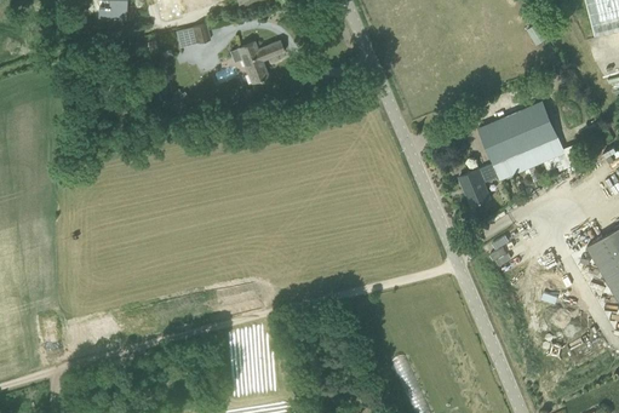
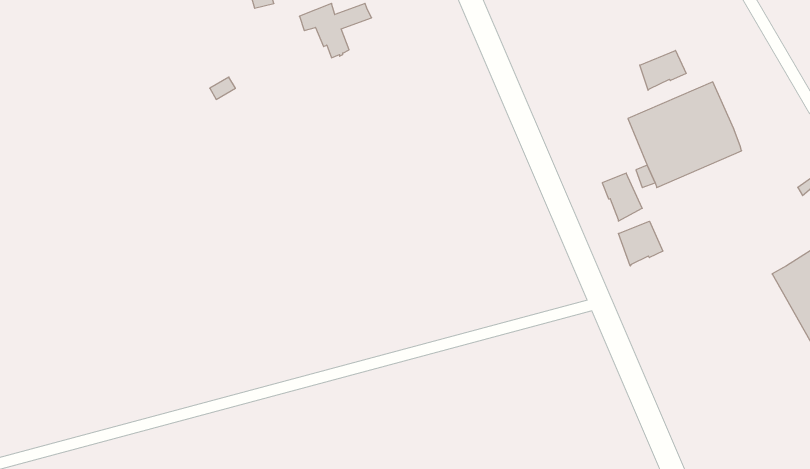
building: none -> [640,50,686,90]
building: none -> [618,221,663,266]

